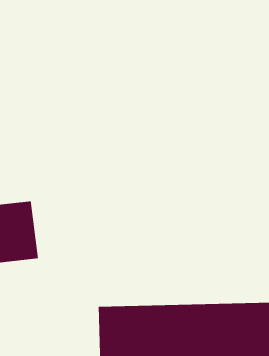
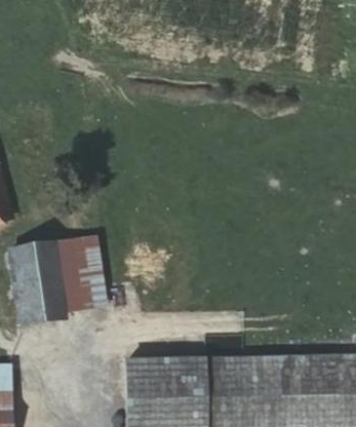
building: none -> [54,241,101,311]

